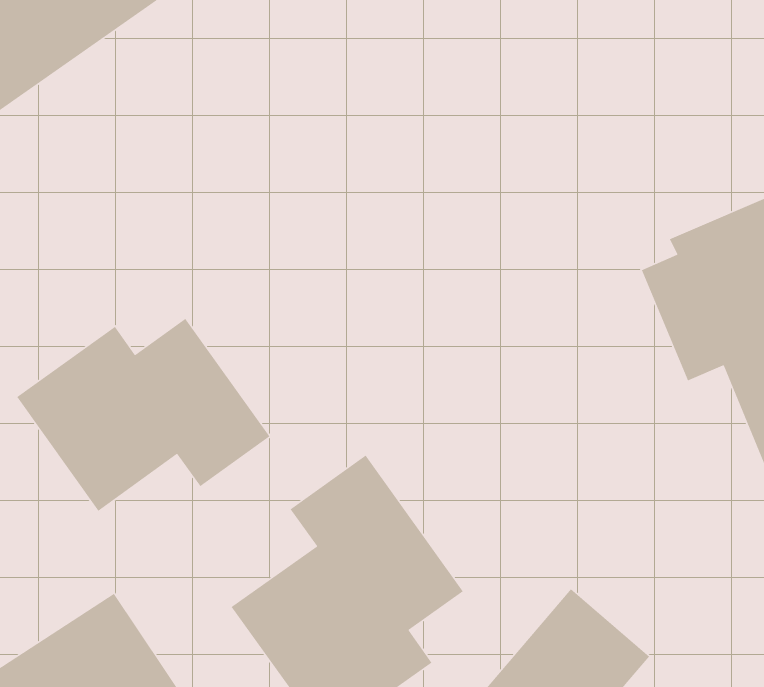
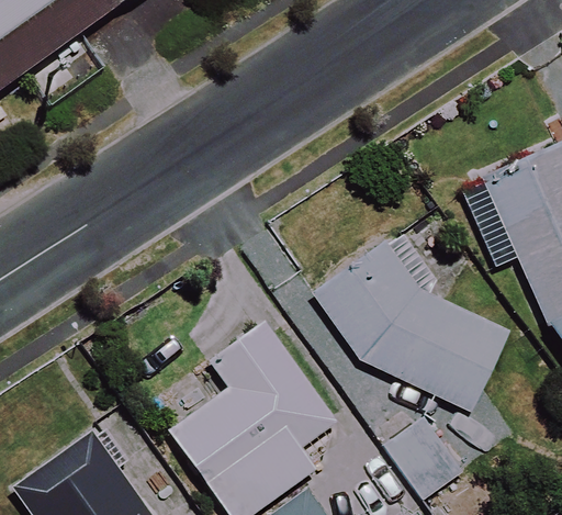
building: none -> [312,228,506,407]
building: [16,318,271,512] -> none

